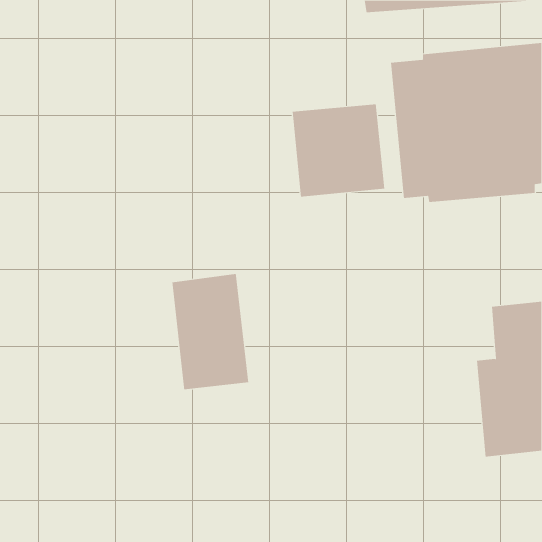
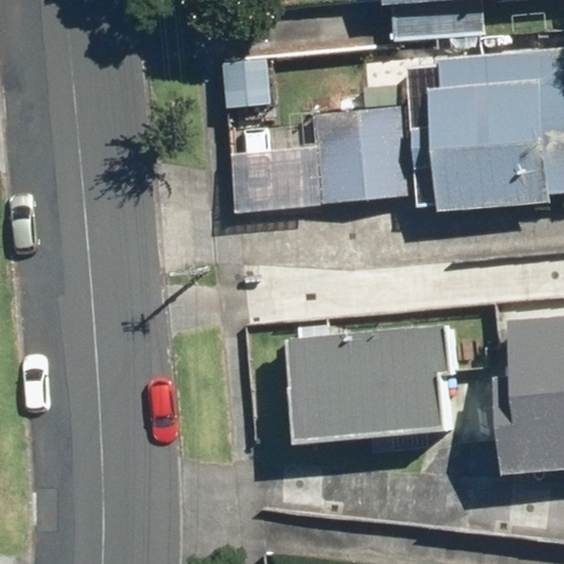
building: [172,273,249,390] -> none
building: none -> [290,321,459,447]

